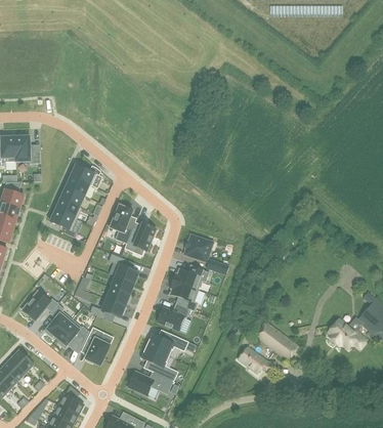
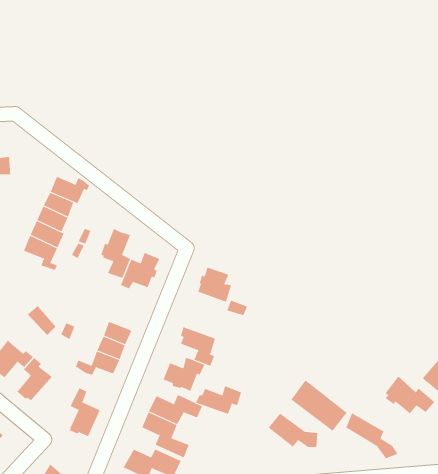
building: [108,253,137,283] -> none
building: [172,266,208,289] -> [195,385,242,415]
building: [55,318,88,347] -> none
building: none -> [346,413,398,459]

